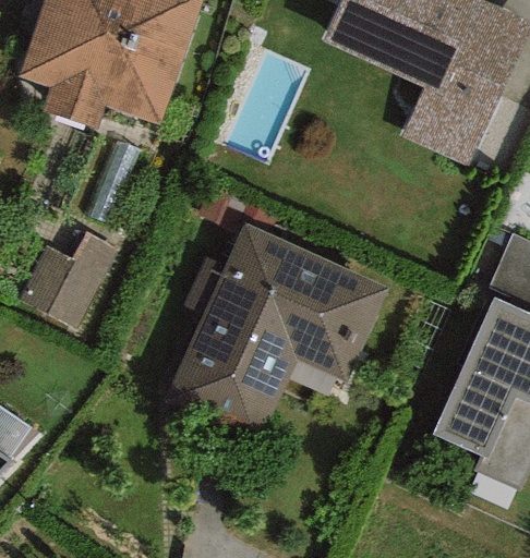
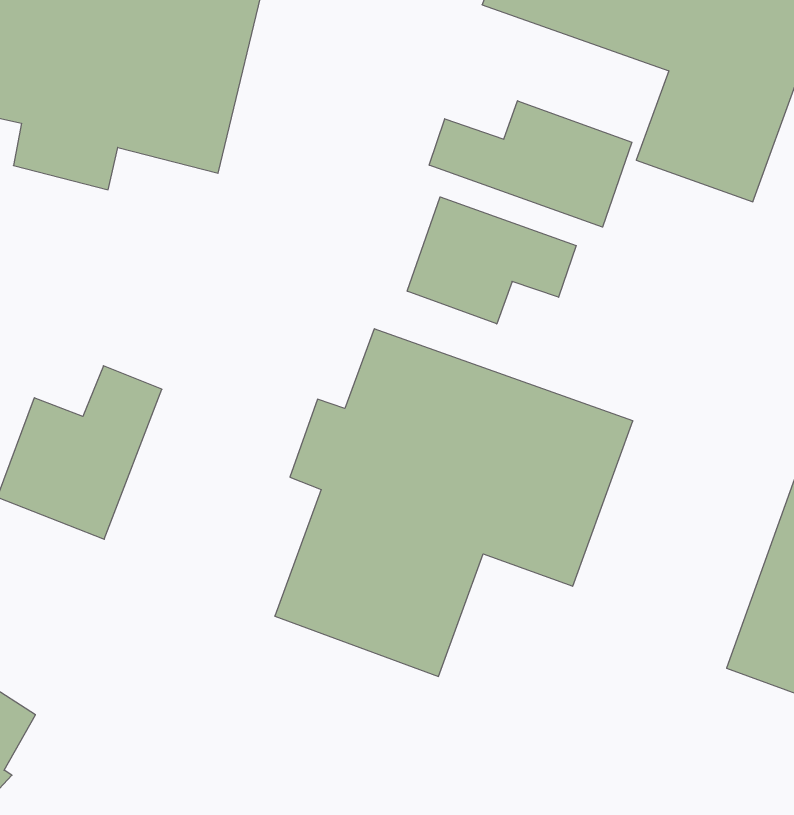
building: none -> [429,101,632,227]
building: none -> [407,197,576,324]

